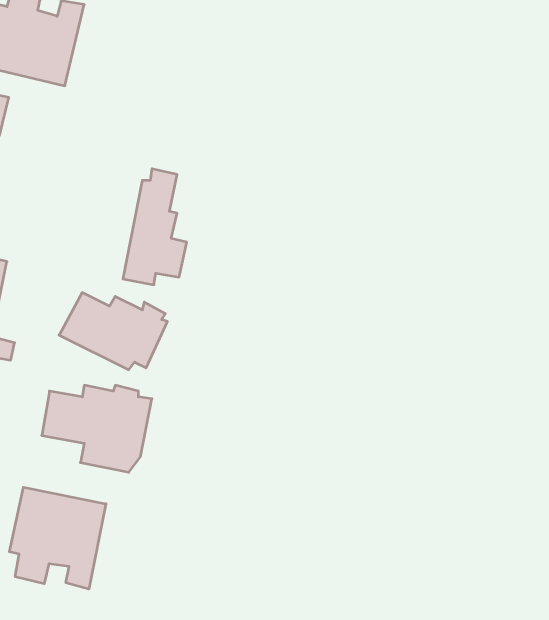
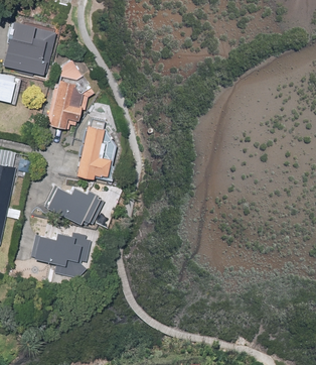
building: none -> [45,57,95,128]
building: [9,487,106,589] -> none

